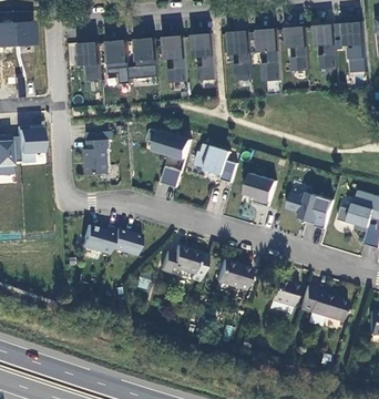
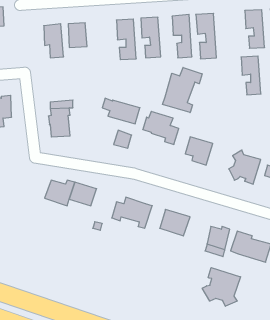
building: [286,27,309,72] -> [241,56,261,95]
building: [135,38,157,68] -> none
building: none -> [162,67,202,113]
building: none -> [202,268,241,306]

